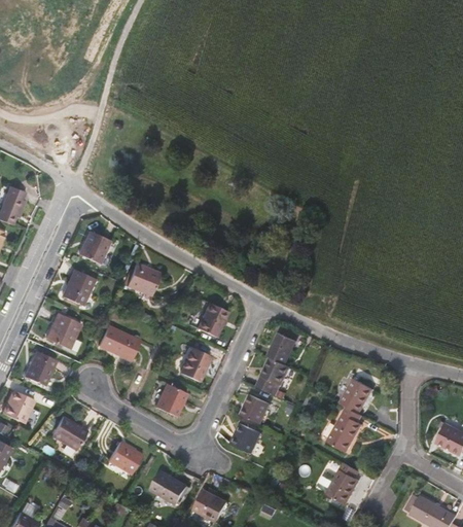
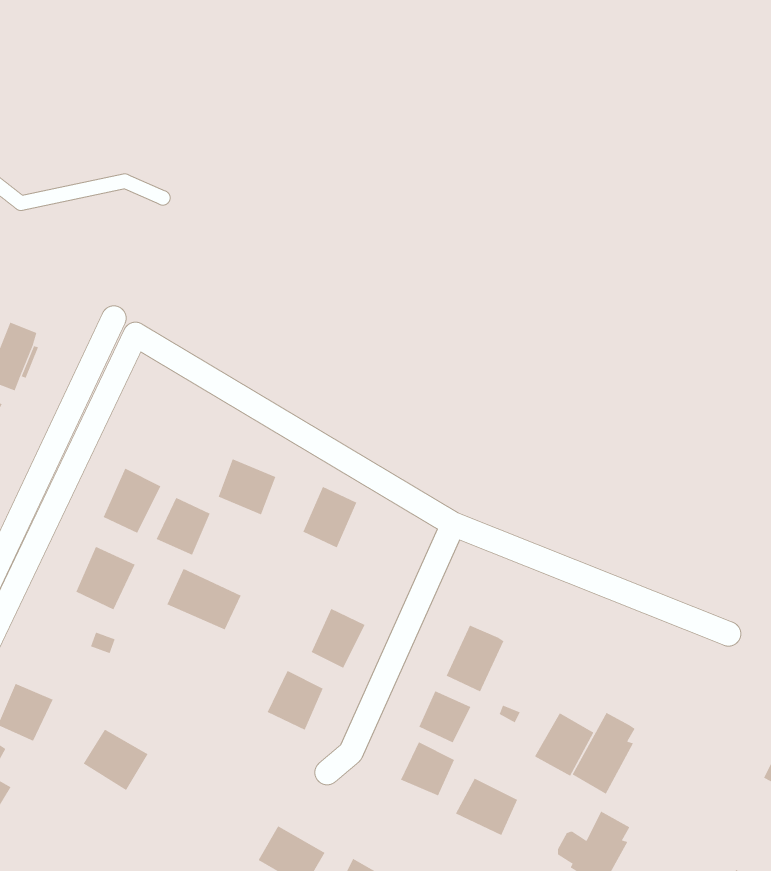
building: [78,230,109,262] -> [156,497,211,556]
building: [197,302,227,337] -> [302,486,357,548]
building: [268,332,295,363] -> none
building: [25,351,56,384] -> none
building: [339,377,372,413] -> [534,713,594,776]
building: [108,441,142,473] -> none
building: none -> [455,778,518,836]

